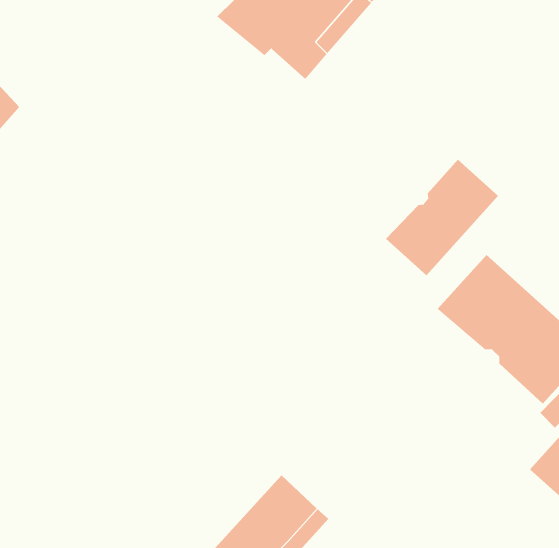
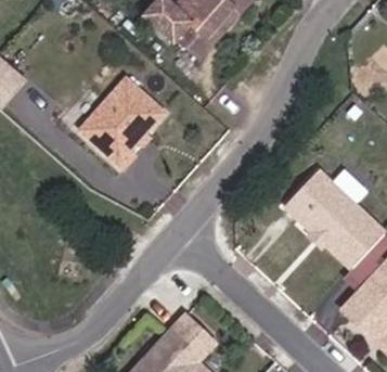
building: none -> [74,77,157,168]
building: [385,159,499,276] -> none

